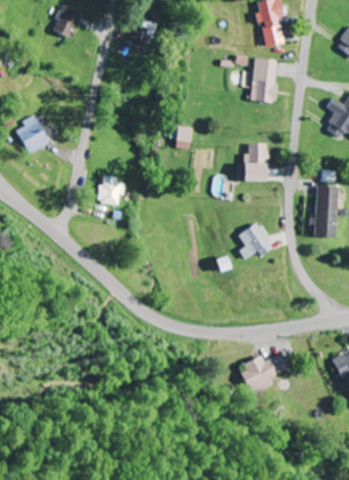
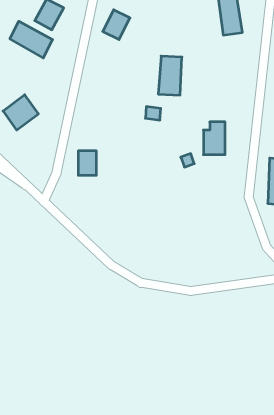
building: none -> [10,21,53,58]
building: [251,58,278,102] -> [158,56,182,95]
building: [237,221,271,261] -> none
building: [241,354,290,394] -> none

